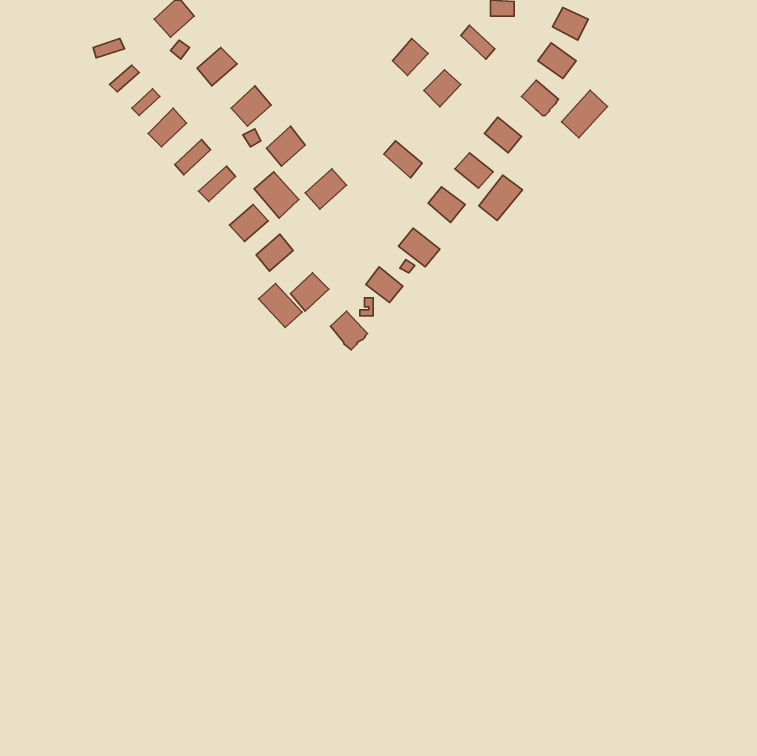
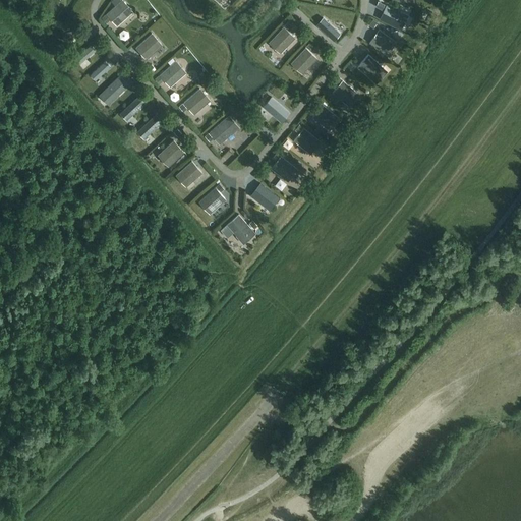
building: [562,90,608,138] -> none
building: [254,172,299,218] -> none
building: [479,175,523,221] -> none
building: [259,284,302,327] -> none

